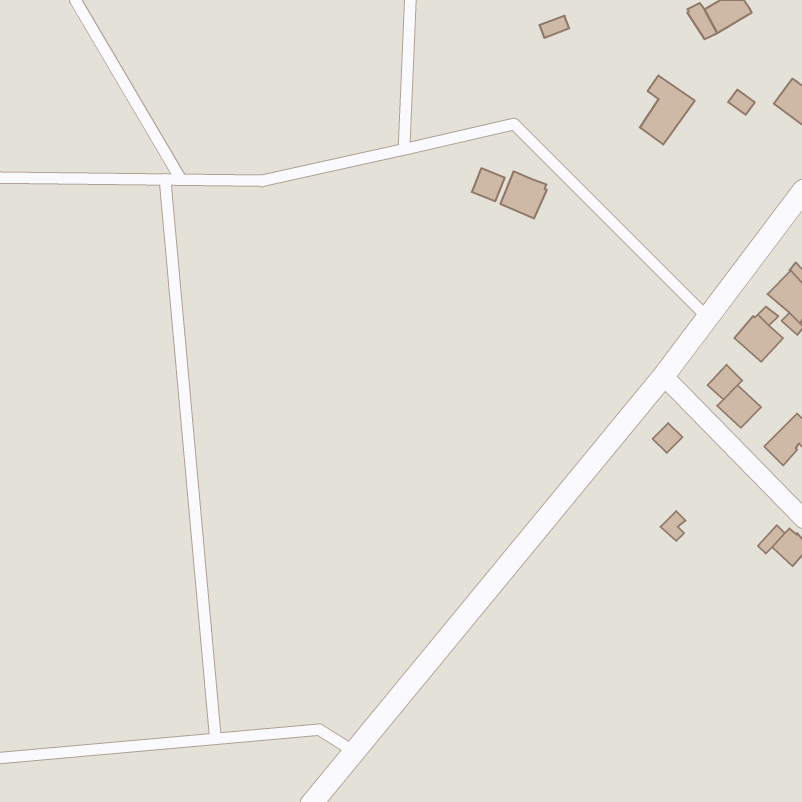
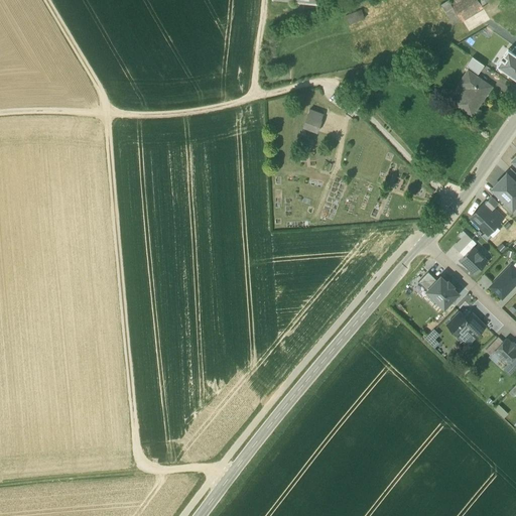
building: [640,75,695,145] -> [457,71,492,115]
building: [501,171,547,219] -> none
building: none -> [428,278,459,307]
building: none -> [447,311,486,338]

